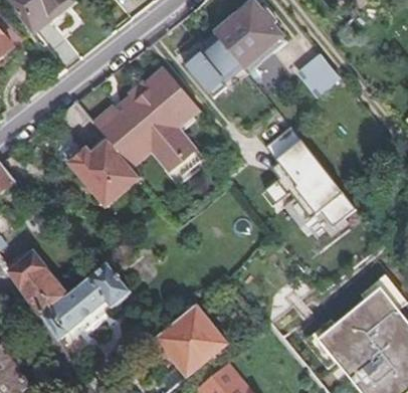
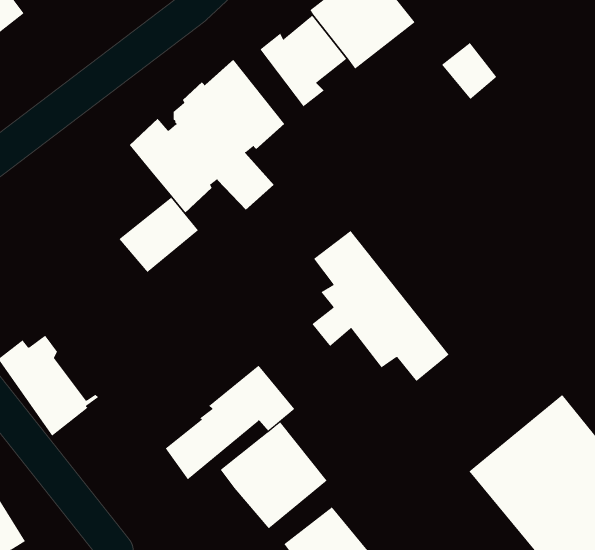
building: [261,129,353,229] -> [311,230,449,382]
building: [69,141,123,186] -> none
building: [43,261,130,338] -> [165,365,295,480]

